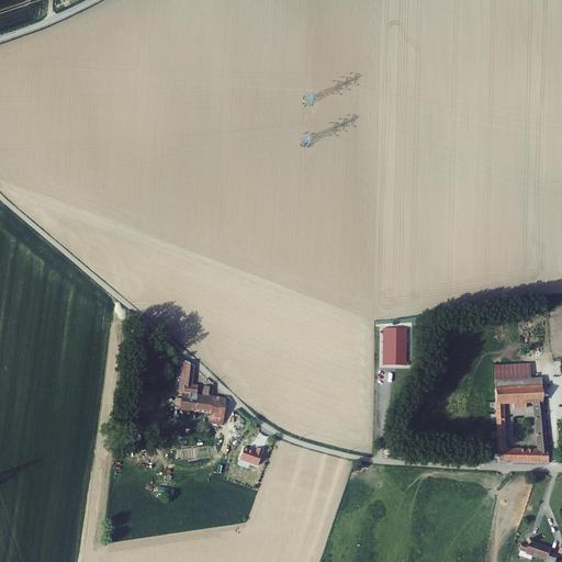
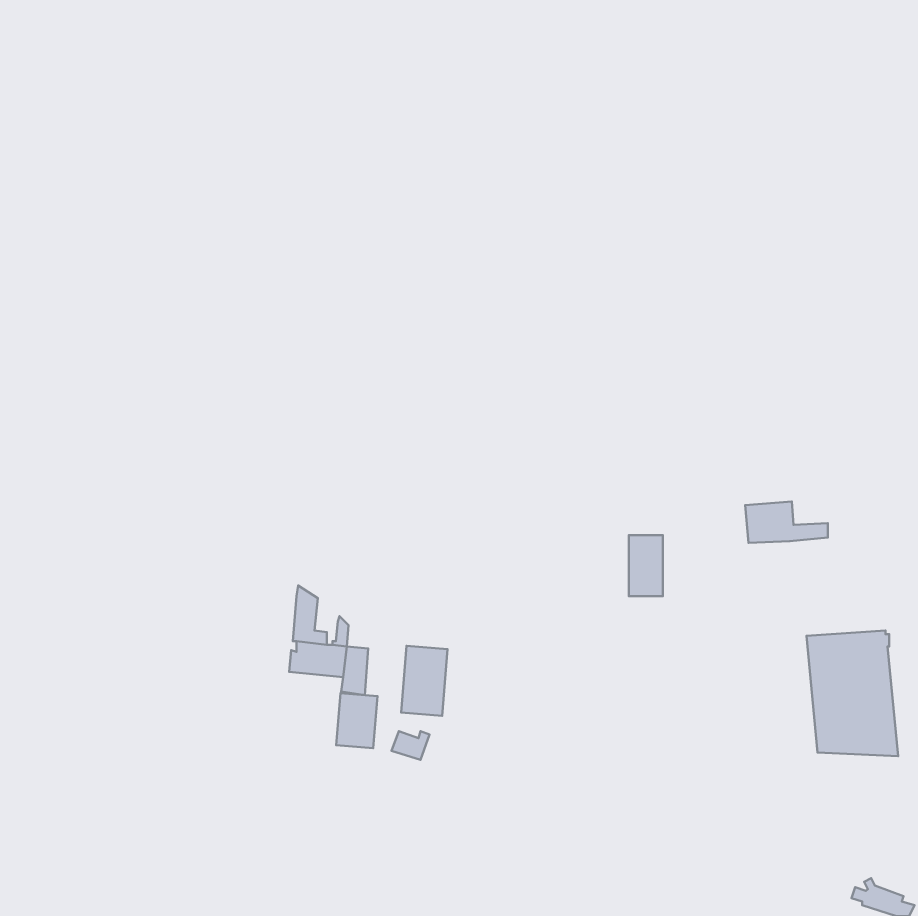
building: [491,363,541,389] -> [745,502,828,543]
building: none -> [401,646,448,716]
building: none -> [336,693,378,748]

